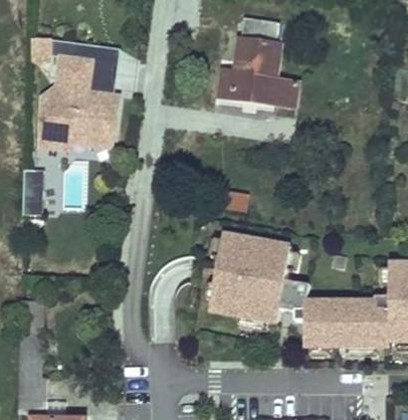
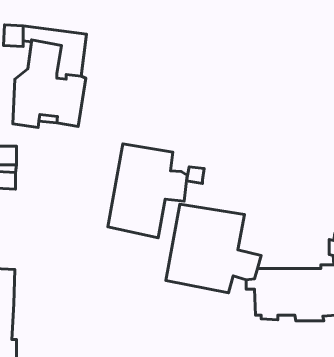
building: [219,17,298,104] -> none
building: none -> [108,144,187,238]

